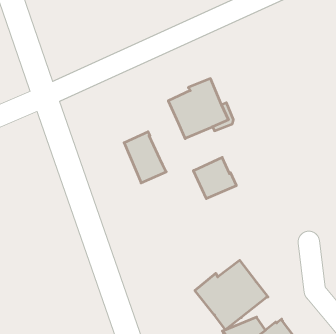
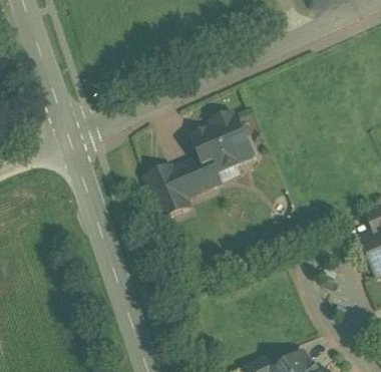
building: [193,157,236,199] -> [171,156,215,198]
building: [195,260,268,330] -> none

